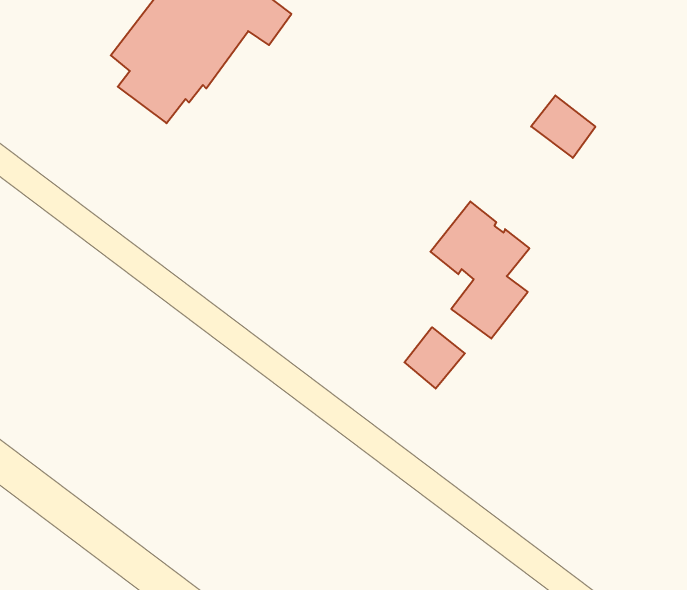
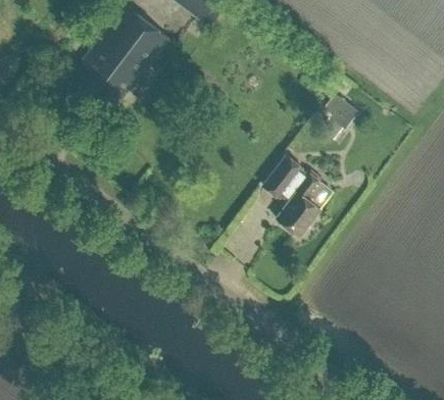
building: [404,327,465,389] -> none

